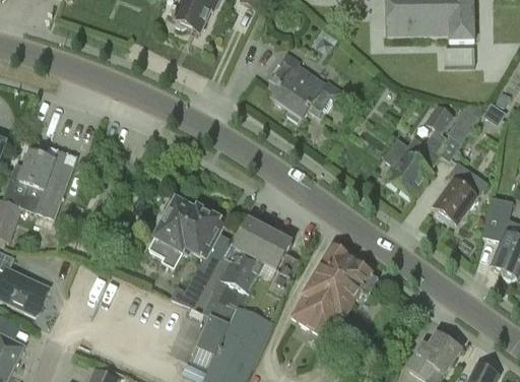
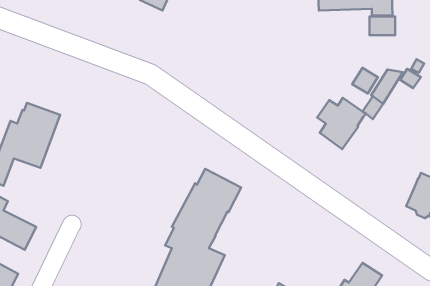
building: [267,50,341,118] -> none
building: [432,162,485,222] -> none
building: [482,196,512,239] -> none
building: [150,198,231,308] -> none
building: [290,245,378,336] -> none

